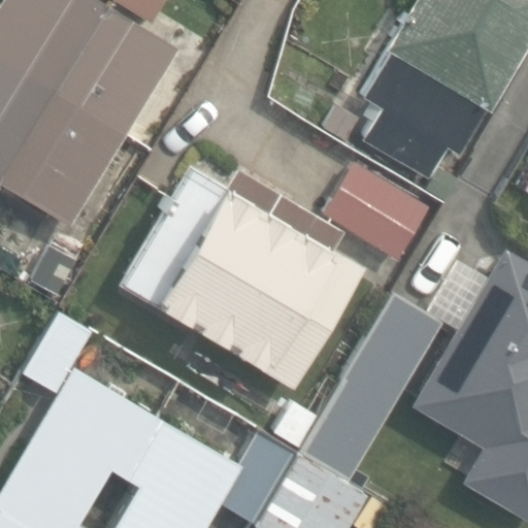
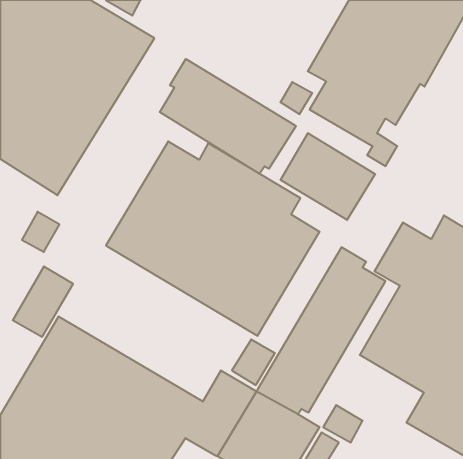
building: none -> [160,59,296,174]

